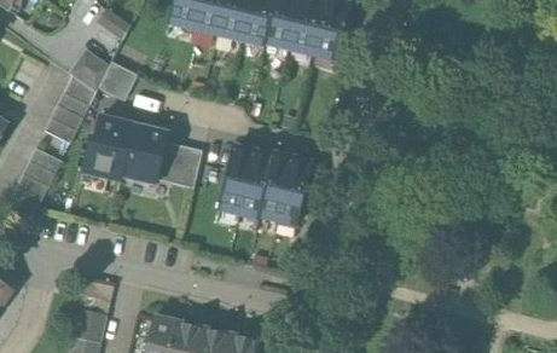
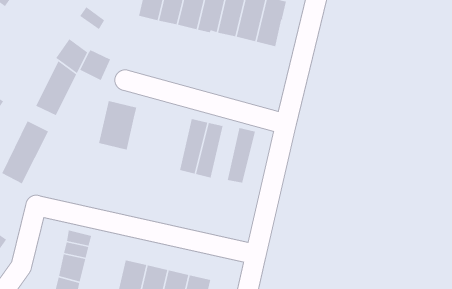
building: [82,116,133,180] -> none
building: [157,141,202,187] -> none
building: [257,152,291,220] -> none

